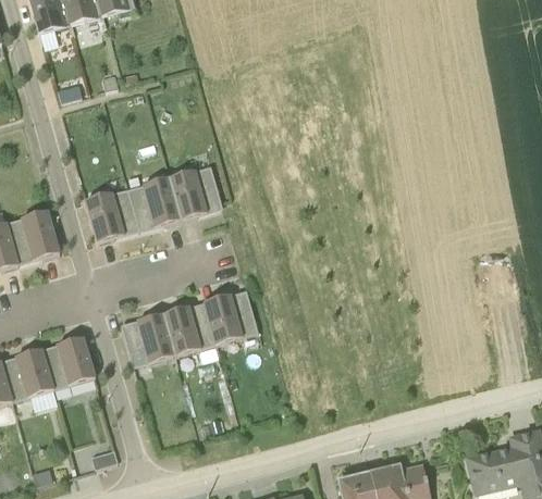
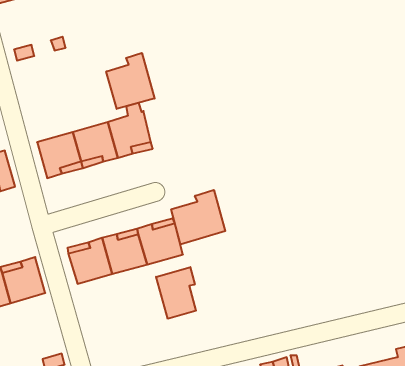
building: none -> [106,53,155,109]
building: none -> [171,190,225,245]
building: none -> [156,267,196,319]

